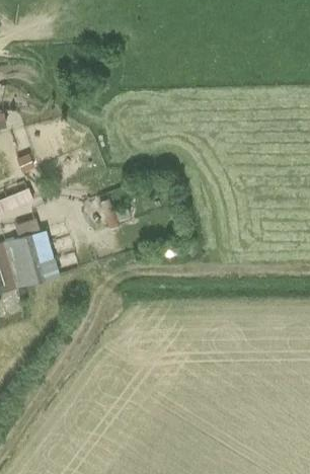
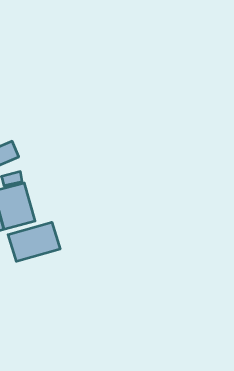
building: none -> [8,222,60,261]

